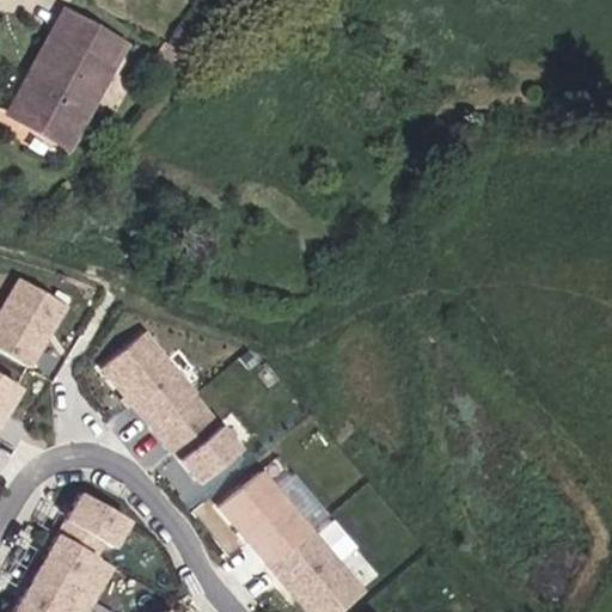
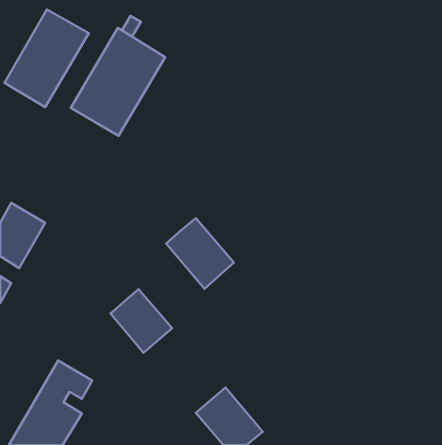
building: none -> [71,28,165,136]
building: [103,333,196,430] -> [166,218,234,289]
building: [221,472,313,567] -> none

